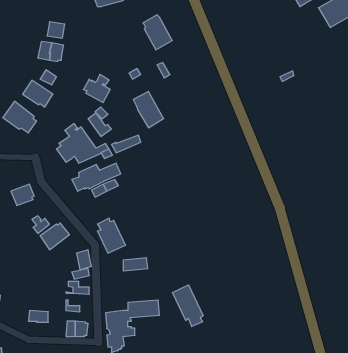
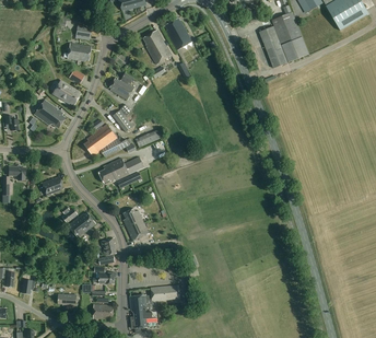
building: none -> [259,12,309,68]
building: [133,91,164,128] -> [143,30,172,63]
building: [173,285,203,327] -> none

